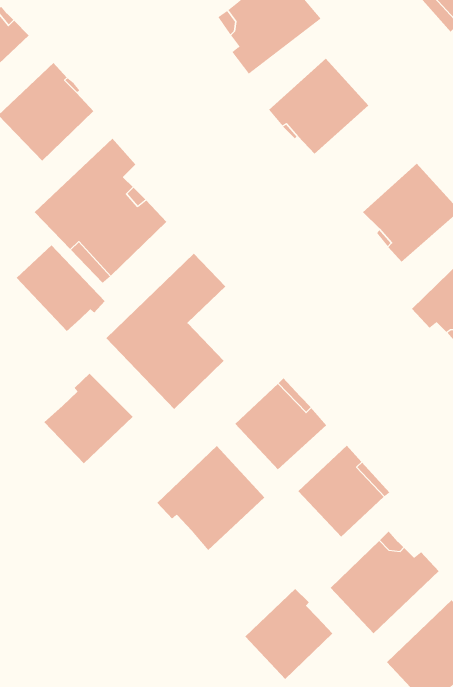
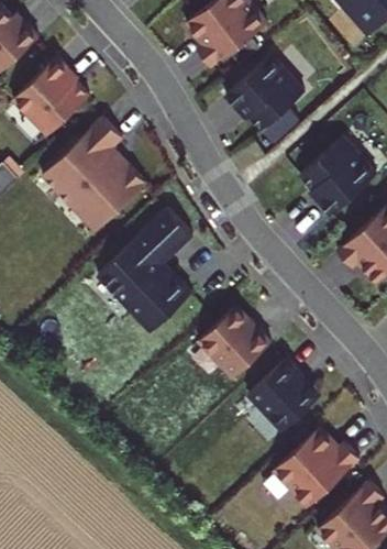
building: [16,244,106,332] -> none
building: [43,373,133,464] -> none
building: [156,445,265,551] -> none
building: [244,588,333,680] -> none

